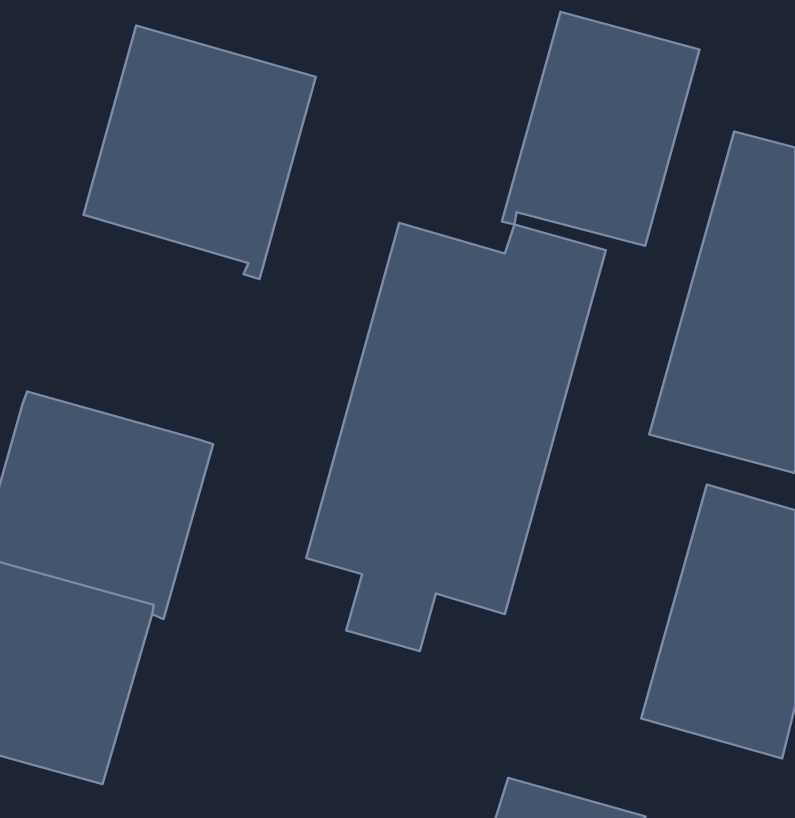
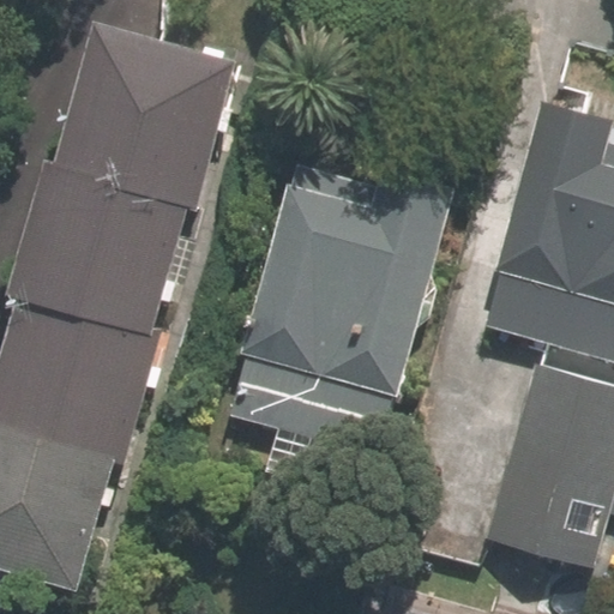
building: [502,12,700,246] -> none
building: none -> [6,158,186,330]

